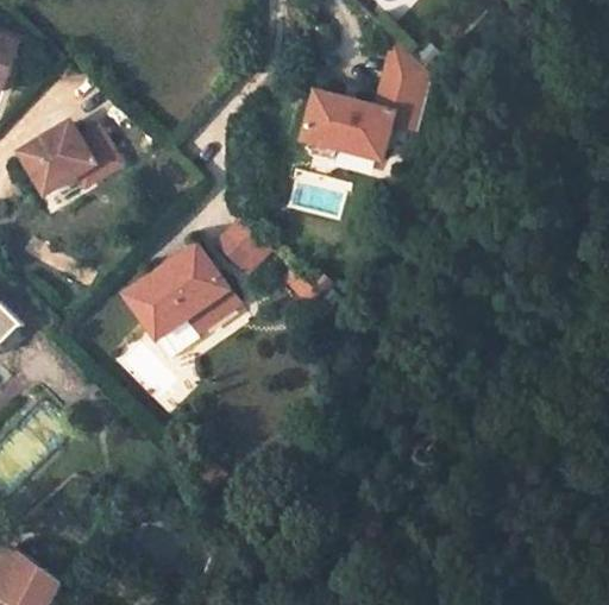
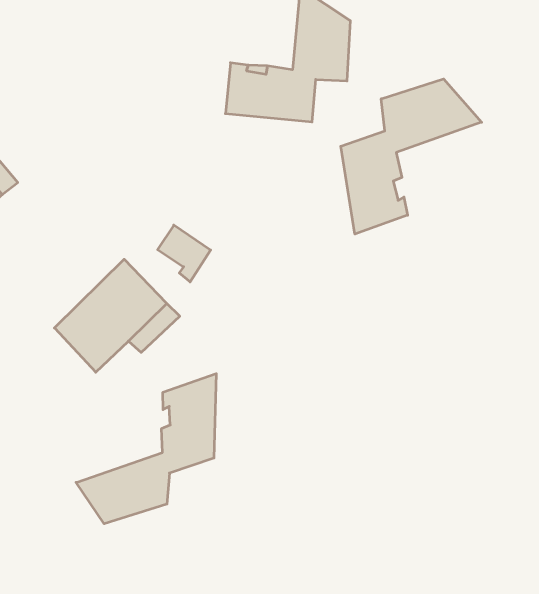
building: none -> [341,79,482,234]
building: none -> [76,374,216,524]

